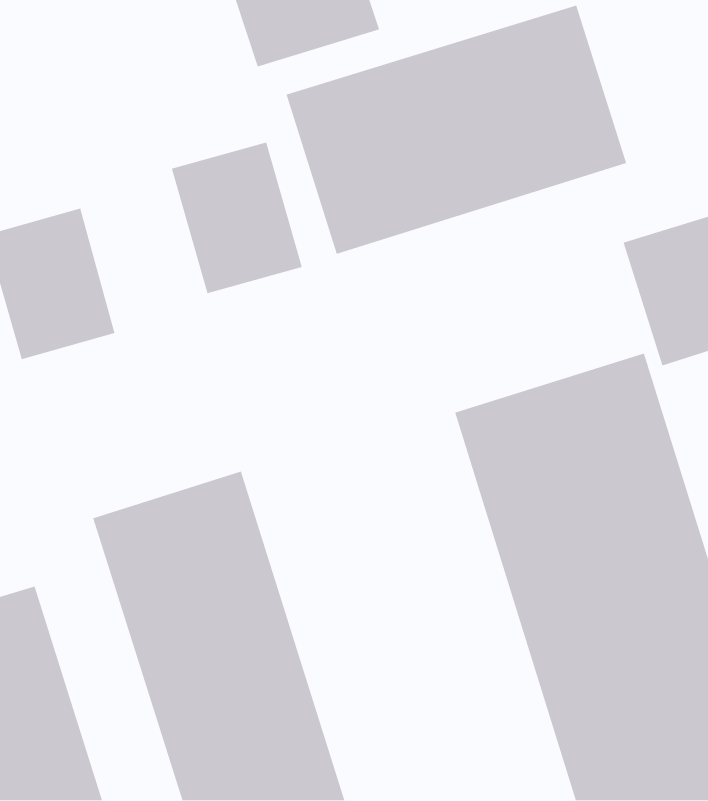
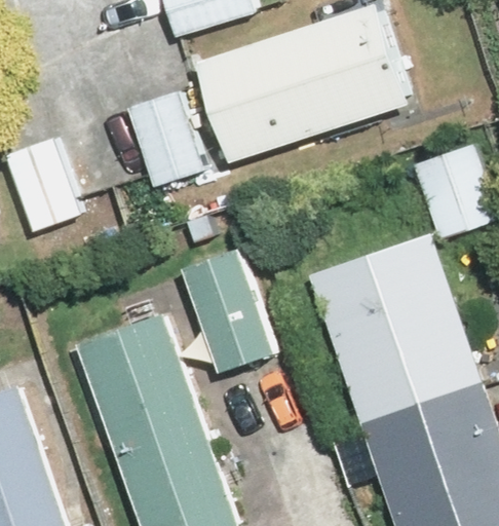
building: none -> [174,246,281,377]

